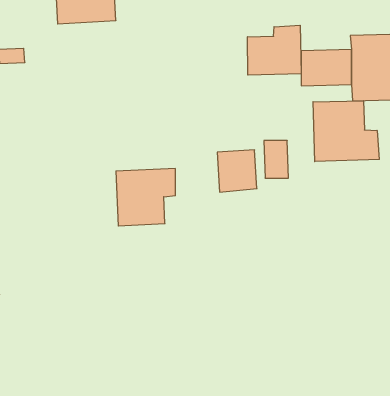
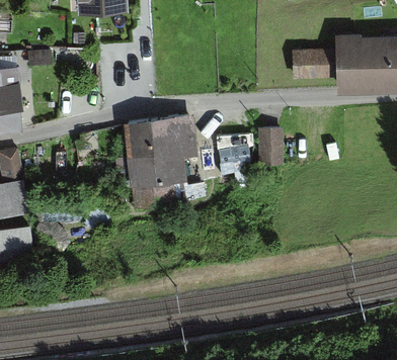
building: [248,25,301,75] -> none
building: [313,101,379,162] -> none
building: none -> [129,118,189,153]

